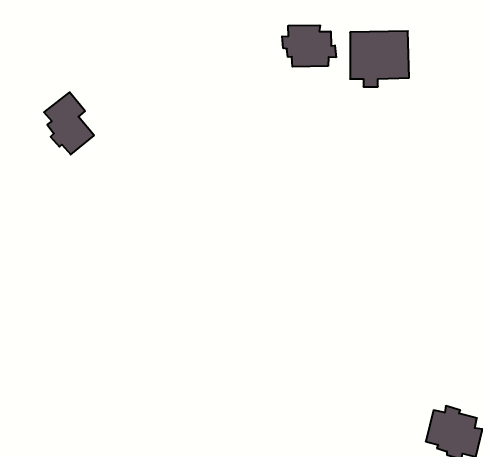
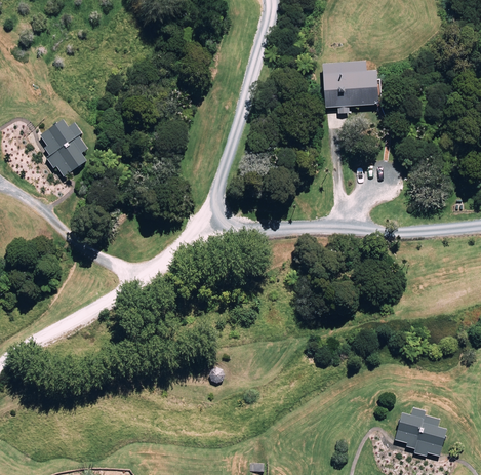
building: [282,25,336,67] -> none

